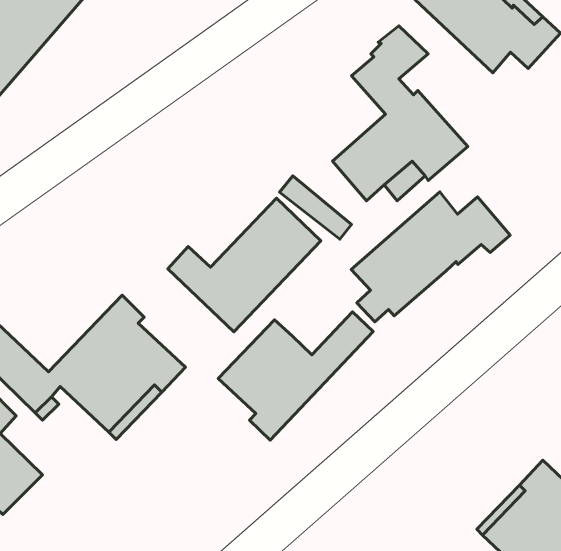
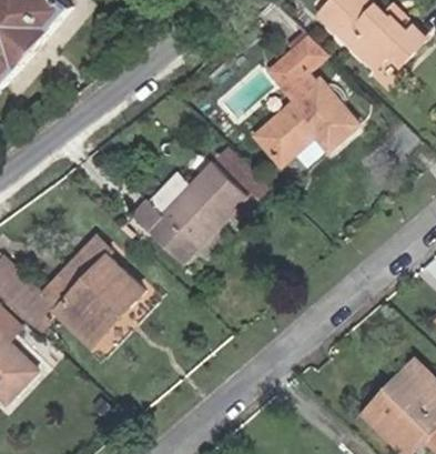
building: [351,192,510,322] -> none
building: [218,312,373,440] -> none

